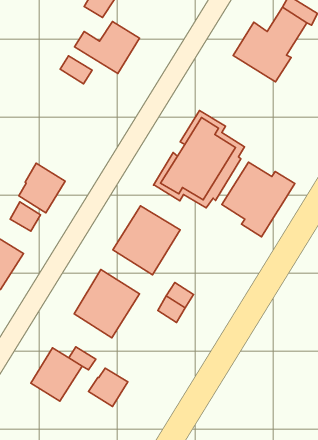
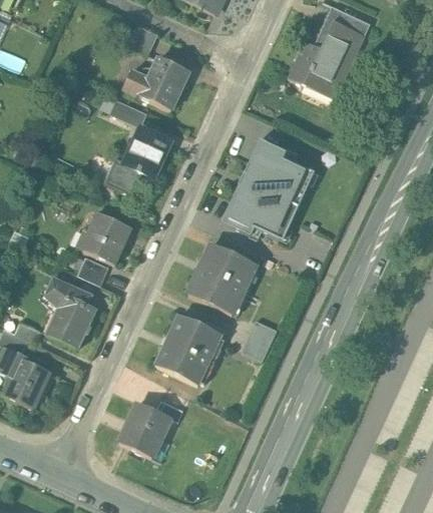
building: none -> [105,126,171,193]
building: [222,162,295,237] -> none
building: [88,368,128,406] -> none

